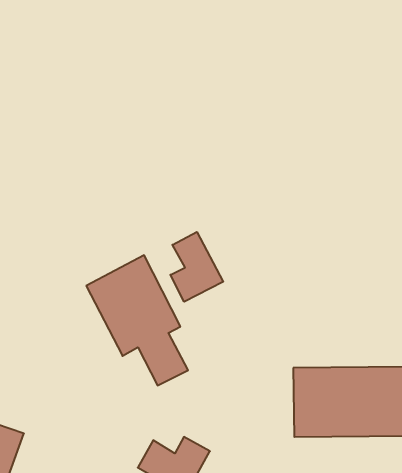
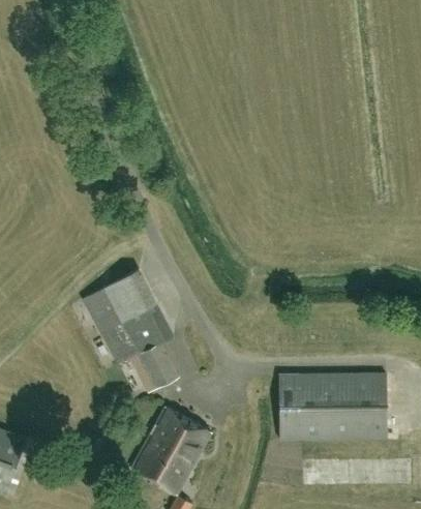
building: [170,232,223,302] -> none
building: none -> [146,408,211,455]

